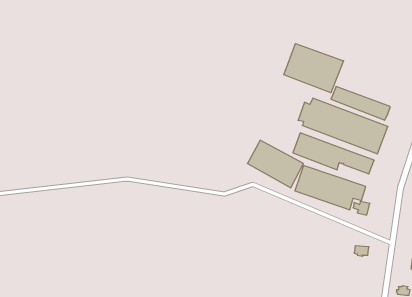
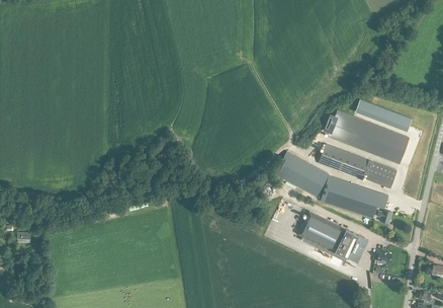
building: [284,44,344,93] -> none
building: none -> [297,211,368,264]

